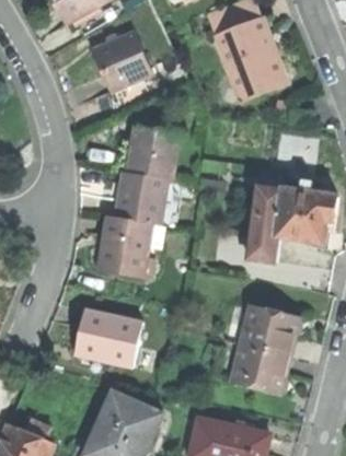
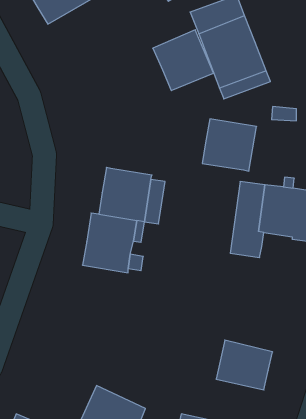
building: [90,32,151,93] -> [153,30,214,91]
building: [125,127,180,179] -> [202,119,257,171]
building: [240,306,297,356] -> none
building: [72,309,141,367] -> none

